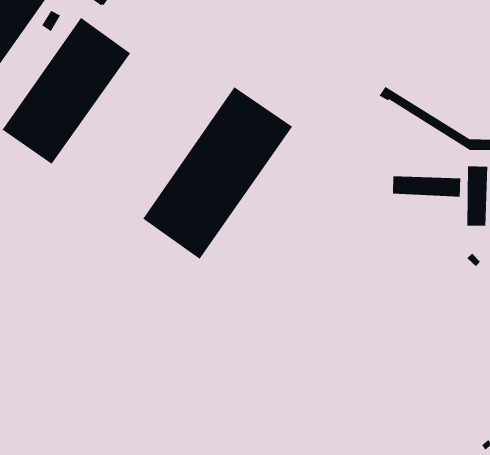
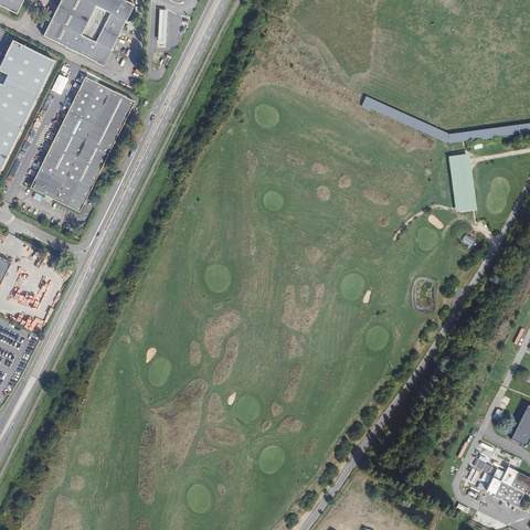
building: [142,86,293,260] -> none
building: [392,176,461,198] -> none

